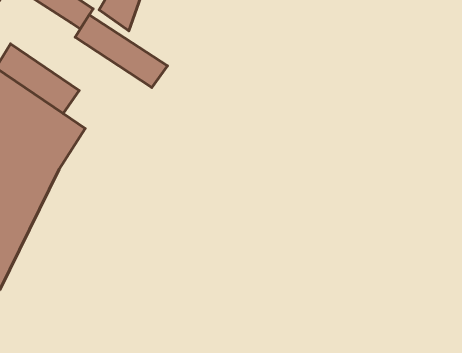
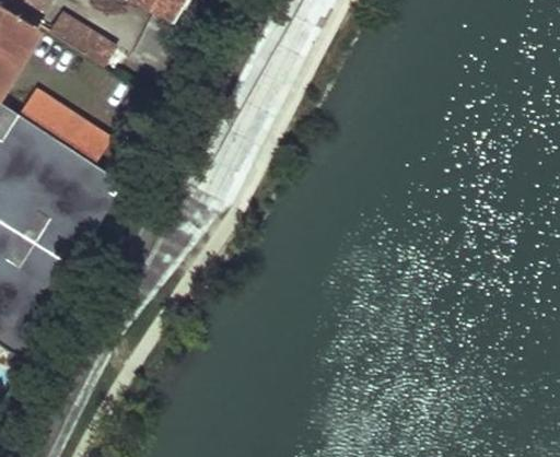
building: [75,15,168,88] -> none

